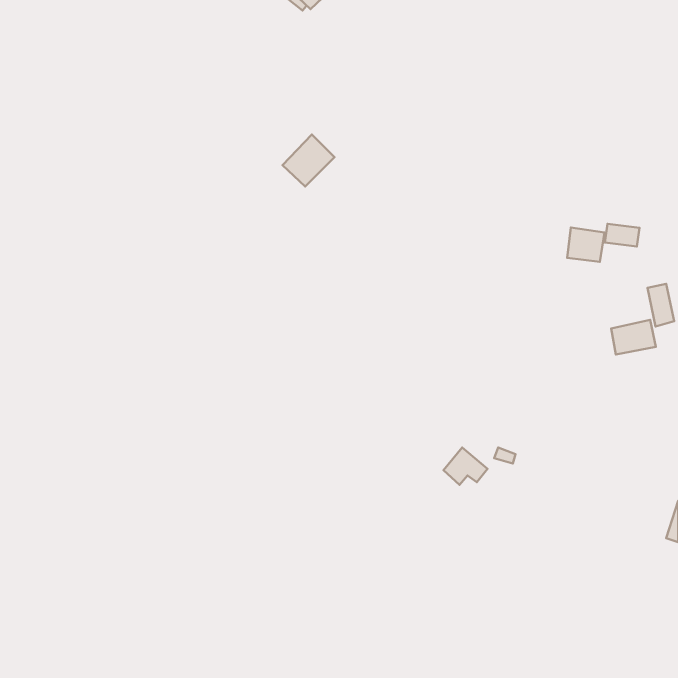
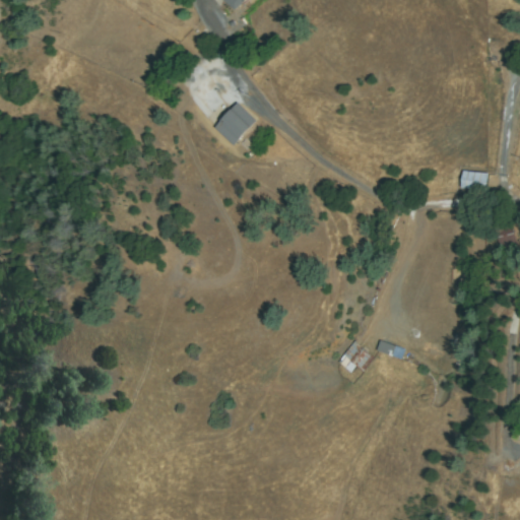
building: [567,227,604,262] -> none
building: [611,320,656,355] -> none

